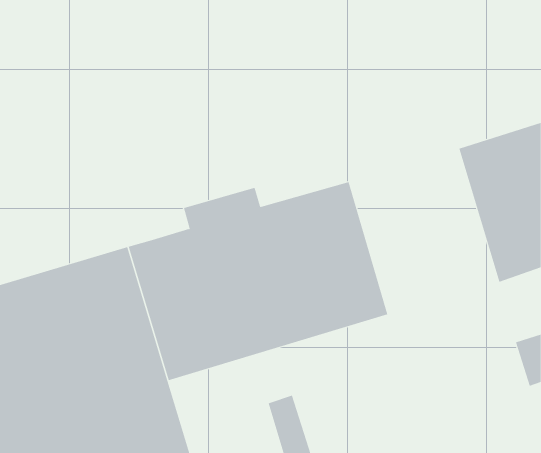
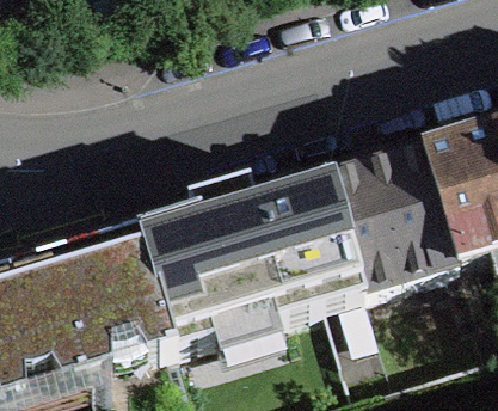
building: none -> [326,146,455,289]

